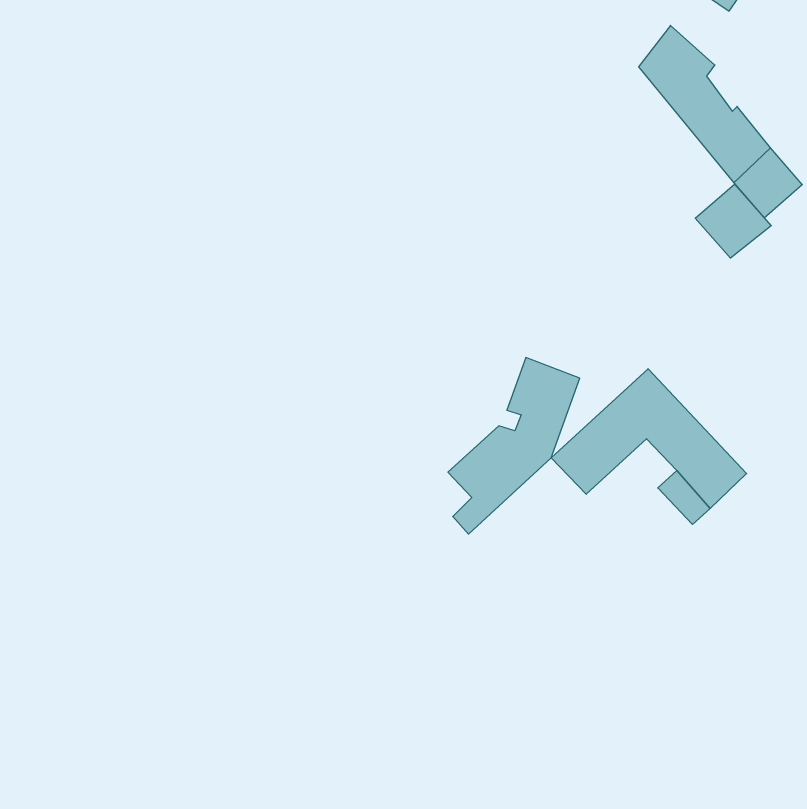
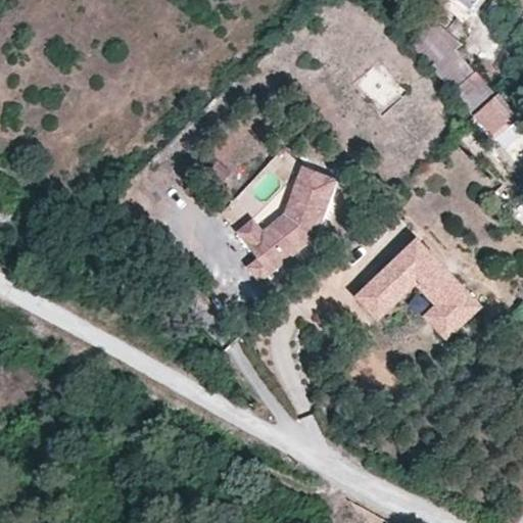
building: [695,184,771,258] -> none
building: [448,358,580,534] -> [248,170,333,283]

